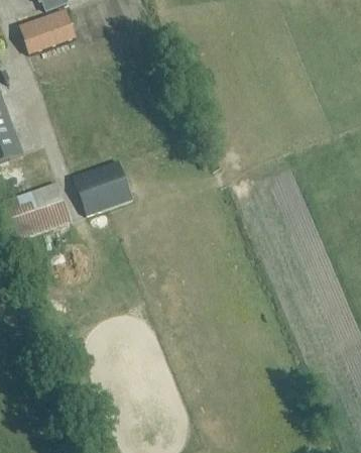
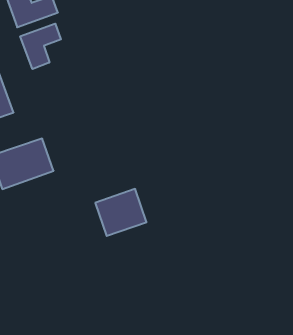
building: none -> [20,24,61,69]
building: [73,161,132,216] -> [95,189,147,236]

